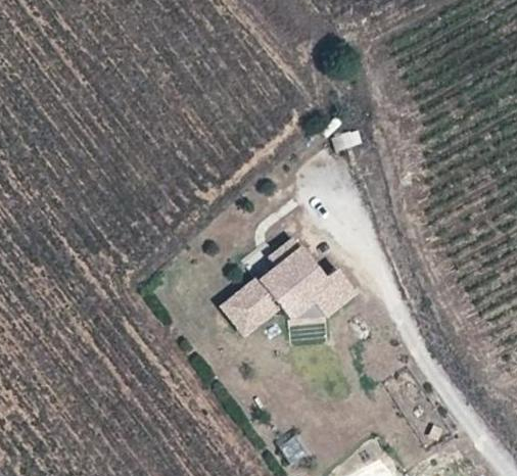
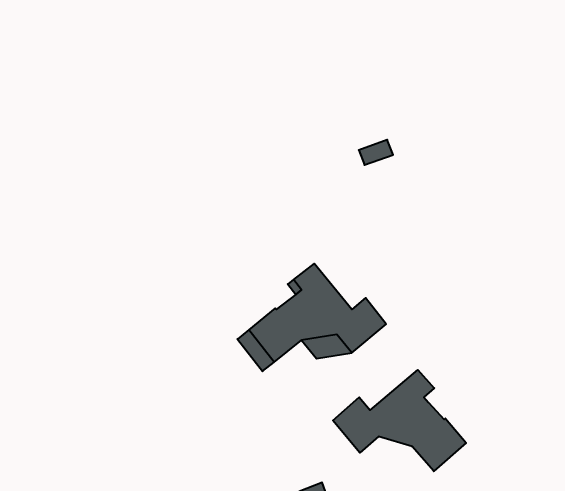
building: none -> [333,370,466,471]

